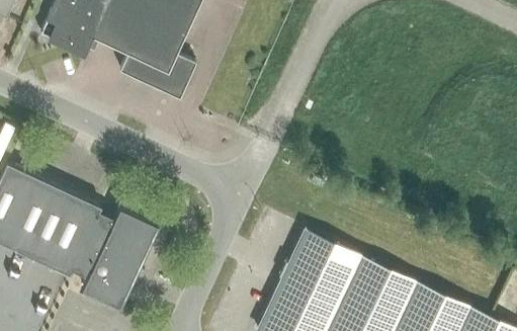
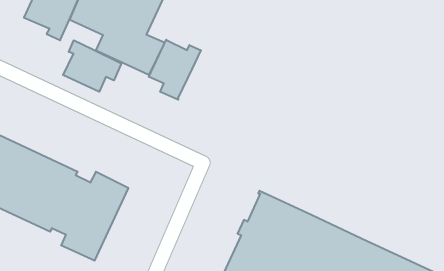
building: none -> [149,40,201,100]
building: none -> [63,40,122,92]

